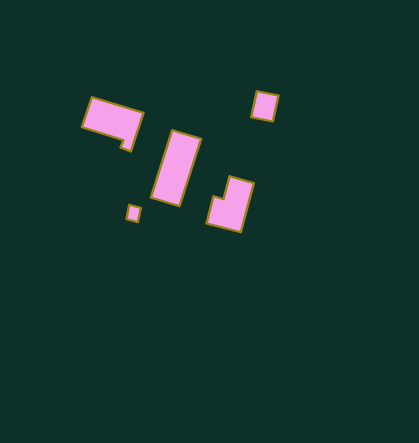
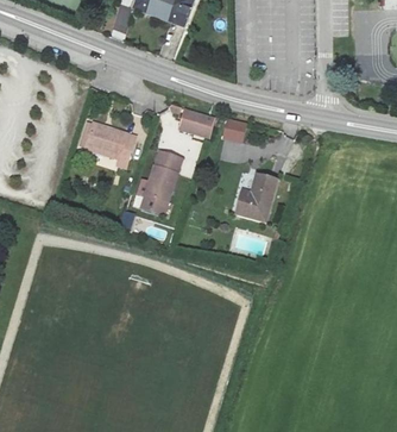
building: none -> [179,108,214,134]
building: [206,176,254,232] -> [238,171,277,218]

